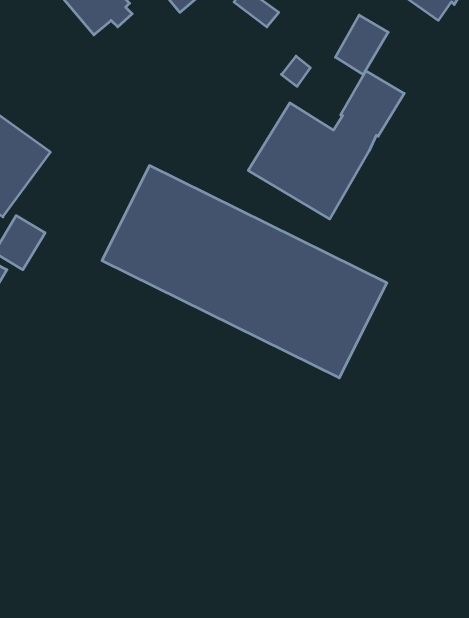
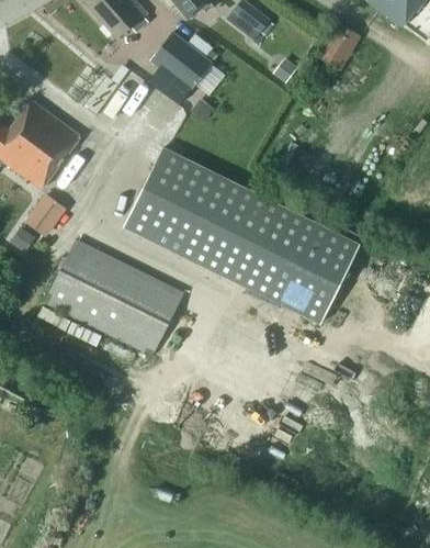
building: none -> [150,32,212,91]
building: [248,71,404,219] -> none
building: none -> [44,239,183,356]

